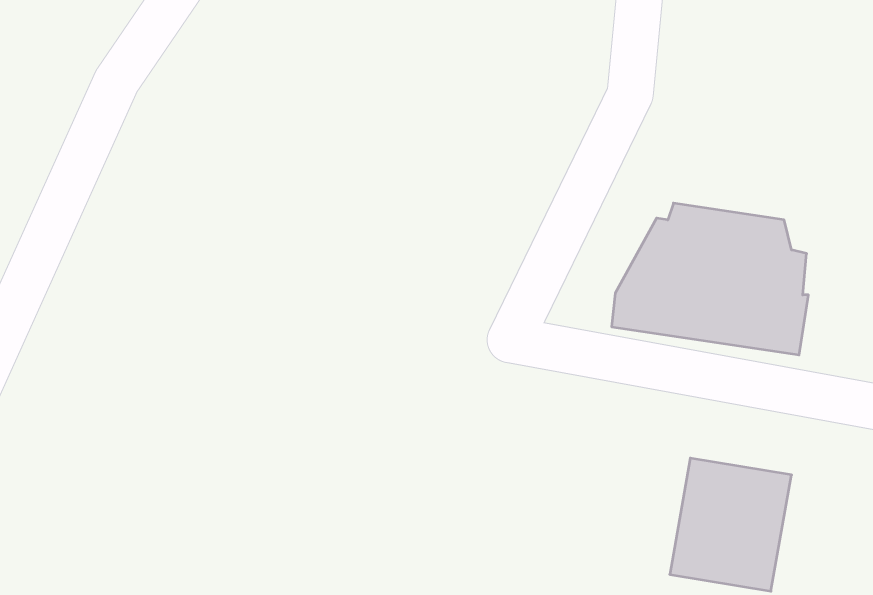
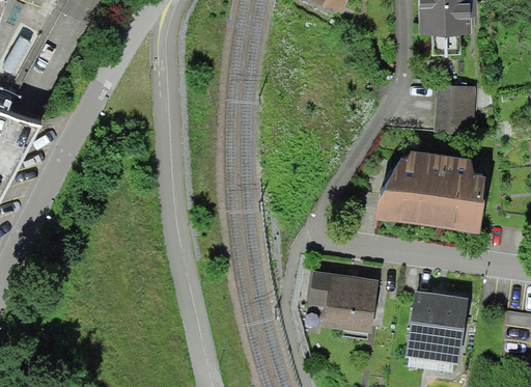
building: none -> [432,86,472,131]
building: none -> [311,273,379,332]

